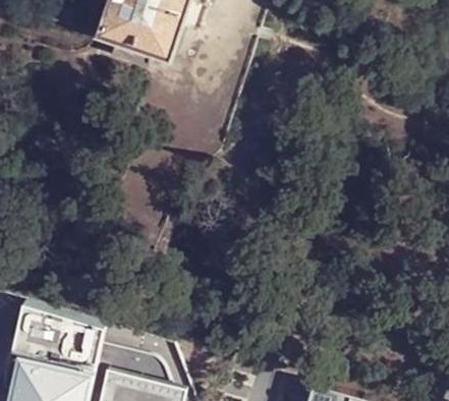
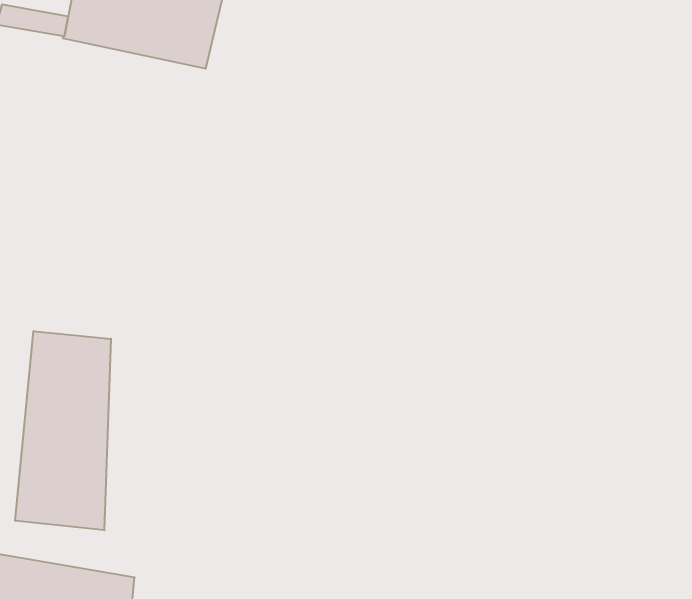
building: none -> [15,331,111,530]

